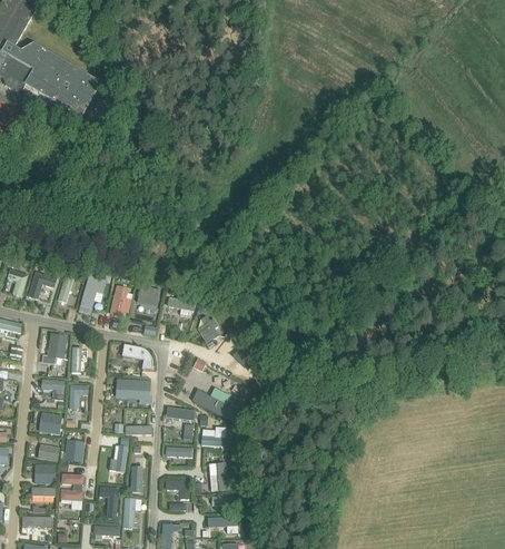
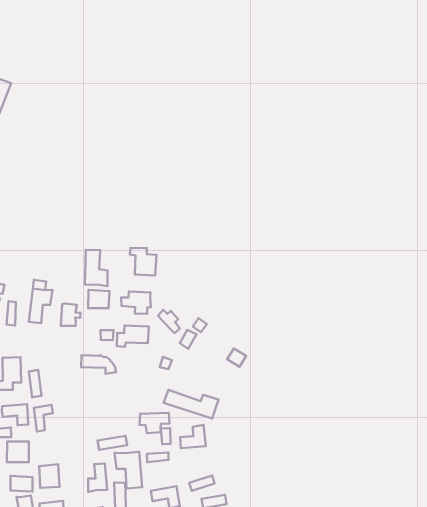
building: none -> [85,250,108,286]
building: none -> [130,248,156,275]
building: none -> [117,325,149,347]
building: [120,379,151,404] -> none
building: none -> [115,452,142,488]

